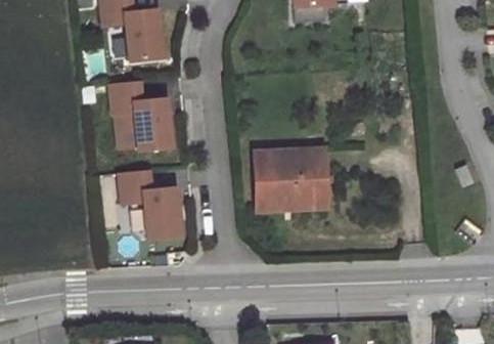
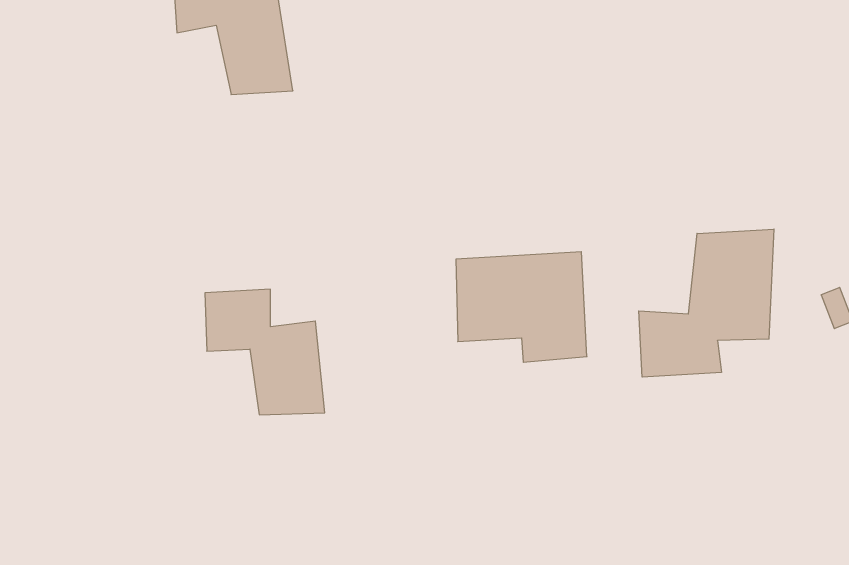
building: [110,83,175,150] -> none
building: none -> [639,229,774,377]

